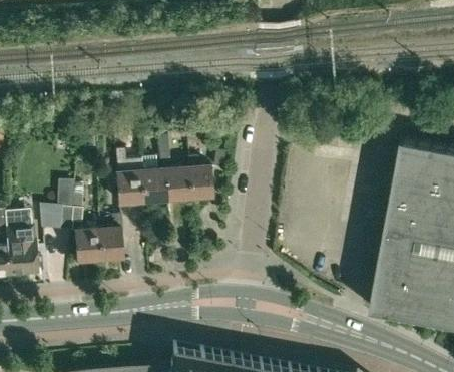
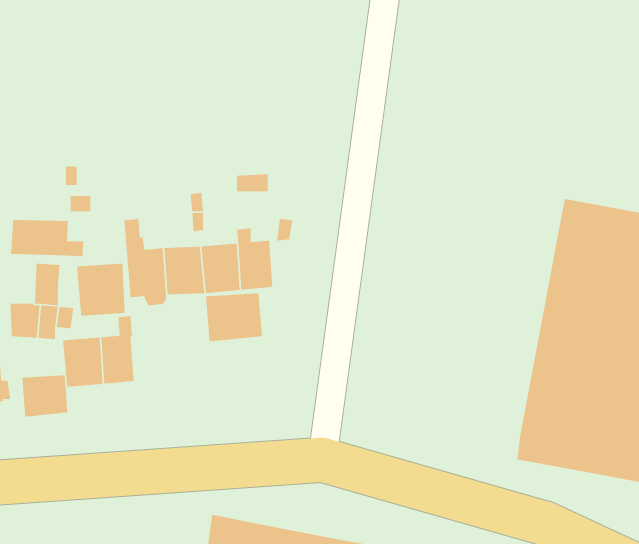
building: none -> [10,219,84,257]
building: none -> [76,263,125,316]
building: none -> [205,292,263,342]
building: none -> [21,374,68,417]

